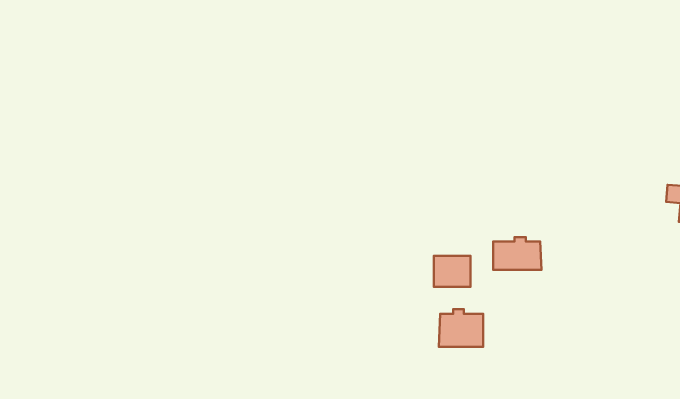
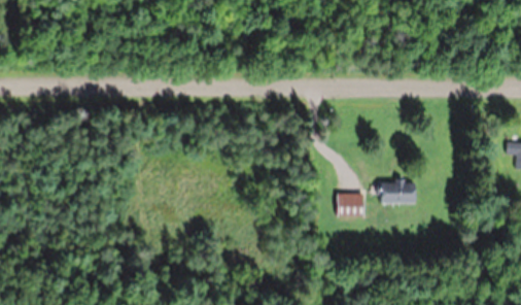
building: [439,309,483,347] -> none

